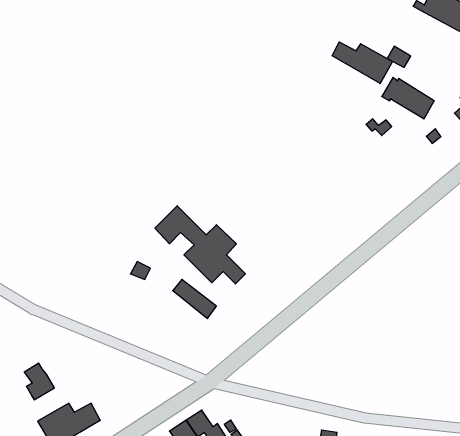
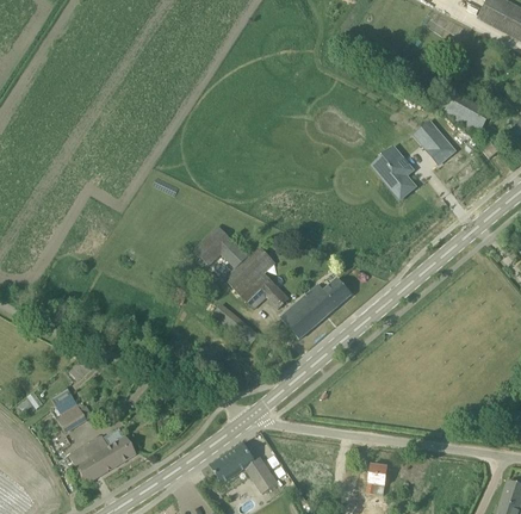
building: [332,42,393,84] -> none
building: none -> [389,153,422,199]
building: none -> [279,277,352,337]

